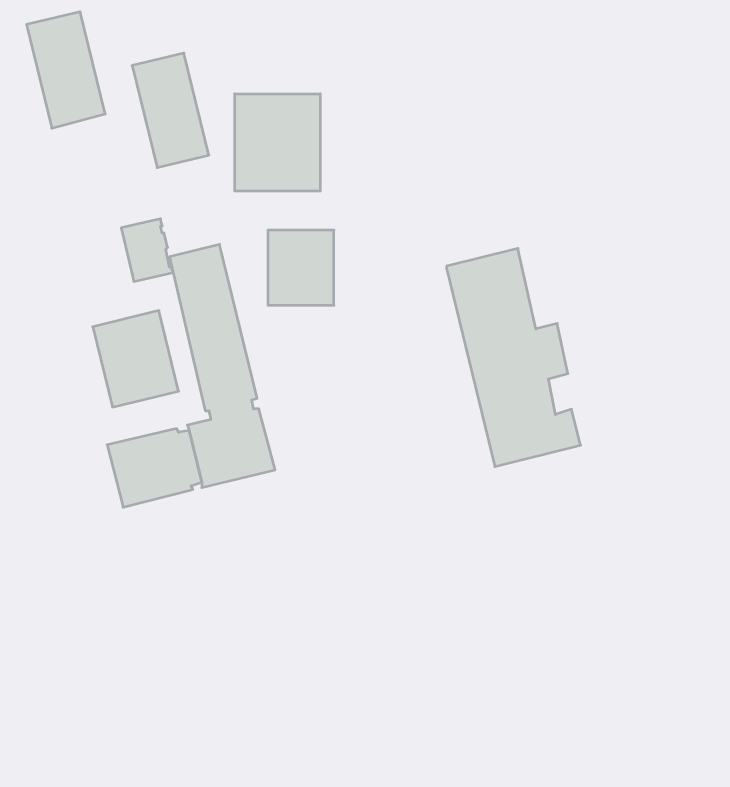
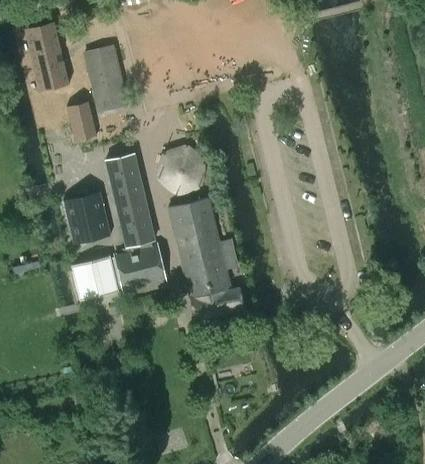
building: [235,94,320,191] -> none
building: [121,219,173,281] -> [68,104,97,139]
building: [447,248,581,467] -> [169,197,244,319]

